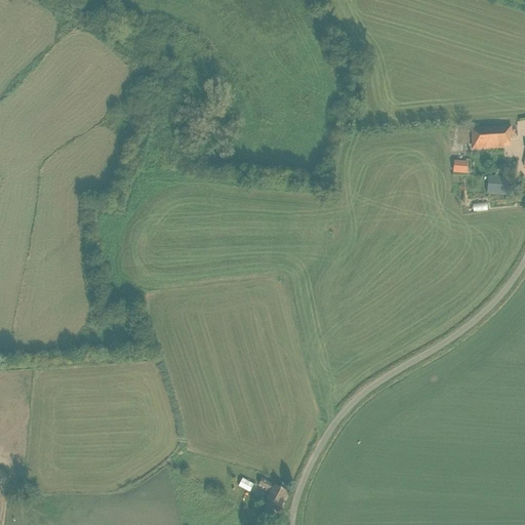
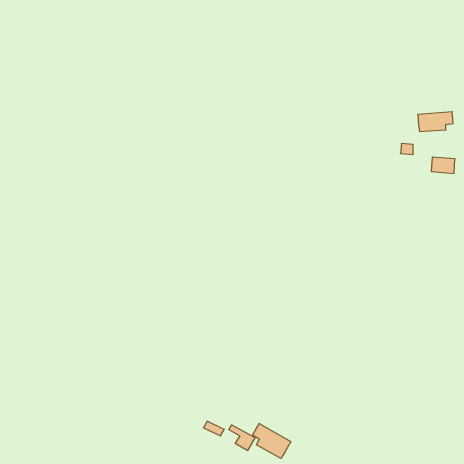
building: none -> [253,423,291,458]

